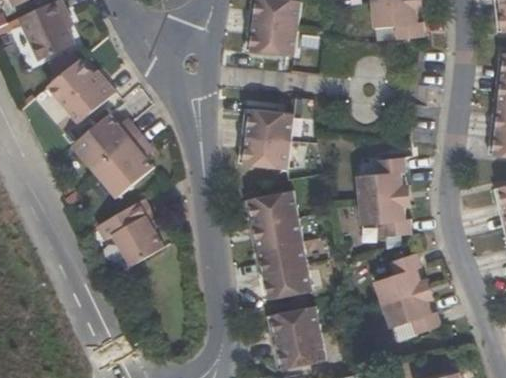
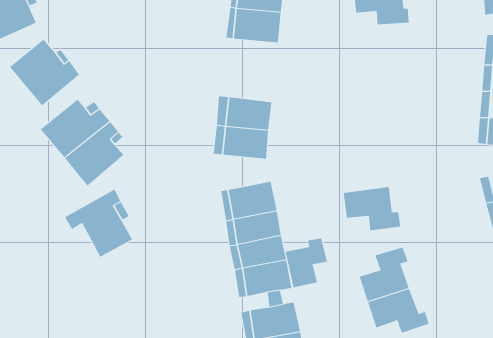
building: [359,158,409,202] -> none
building: none -> [285,237,327,288]

